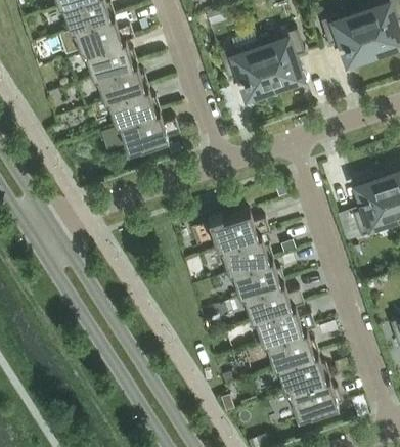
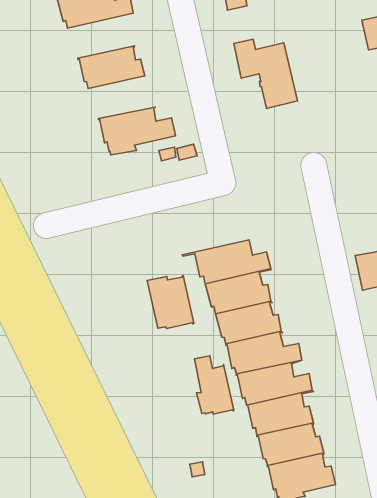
building: [260,30,305,93] -> none
building: [82,37,138,79] -> none
building: [104,87,161,126] -> none
building: none -> [147,276,194,328]
building: none -> [194,356,234,414]

